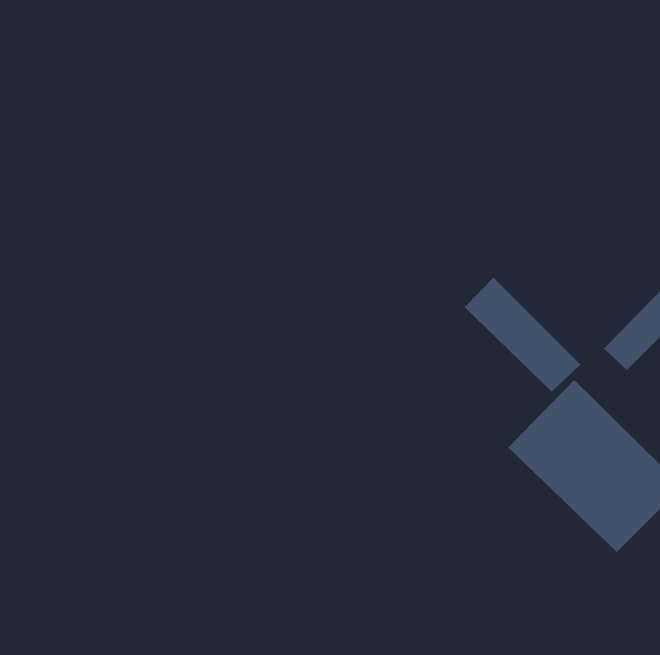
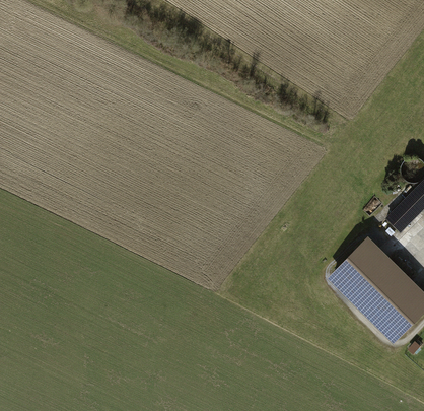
building: [464,277,581,393] -> none

